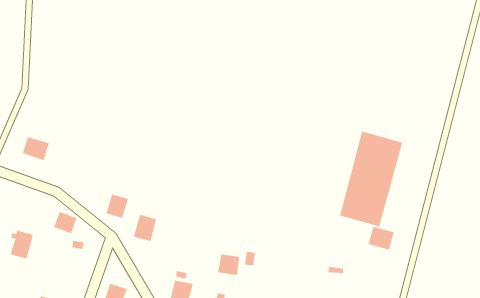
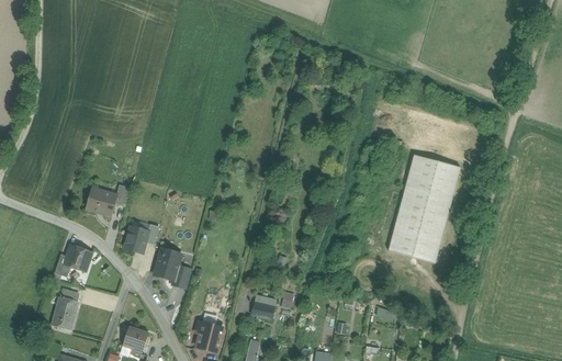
building: [22,136,50,161] -> [86,189,117,217]
building: [368,226,395,250] -> none
building: [10,230,34,260] -> [50,297,78,331]

